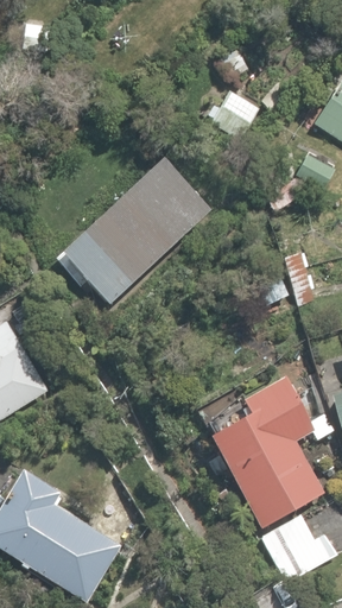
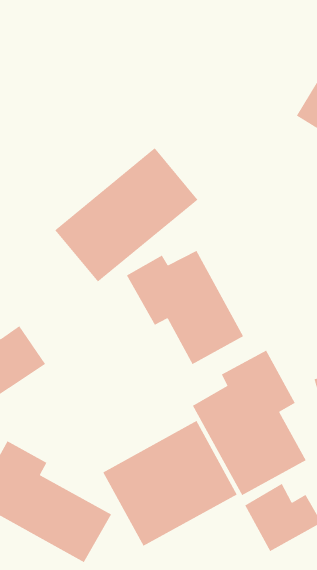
building: none -> [126,250,244,365]
building: none -> [102,420,238,547]

